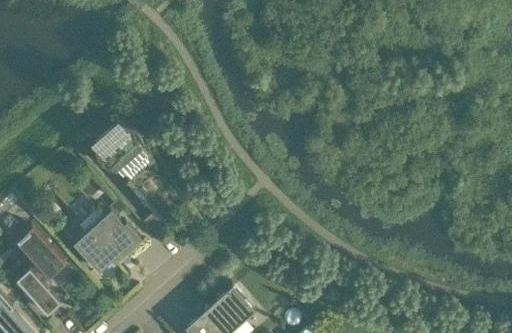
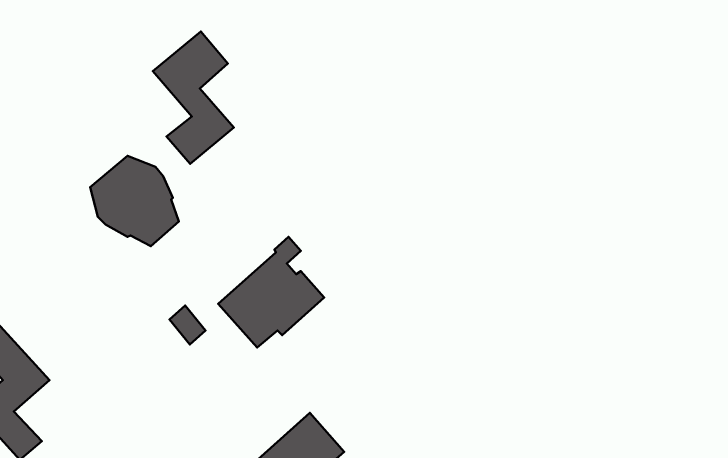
building: none -> [153,32,234,164]
building: [73,202,141,273] -> [218,237,324,348]

